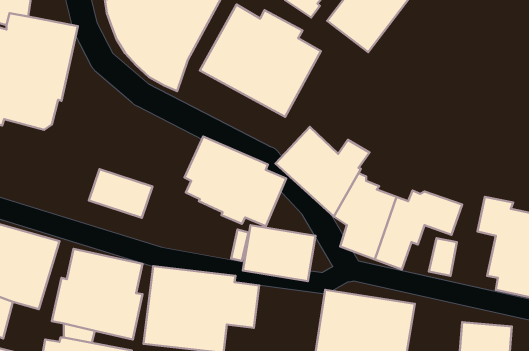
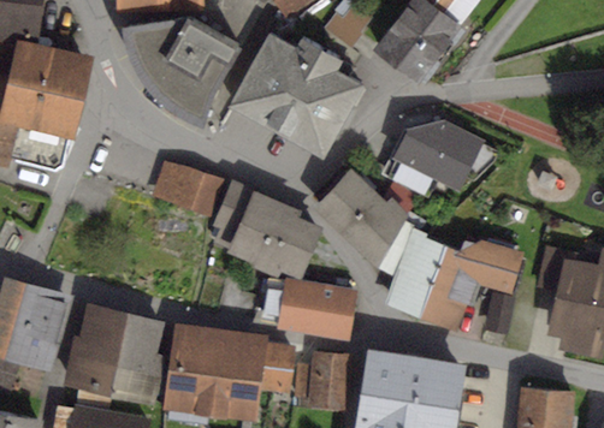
building: none -> [383,119,499,194]
building: [89,169,152,218] -> [152,161,223,215]
building: none -> [295,349,354,412]

